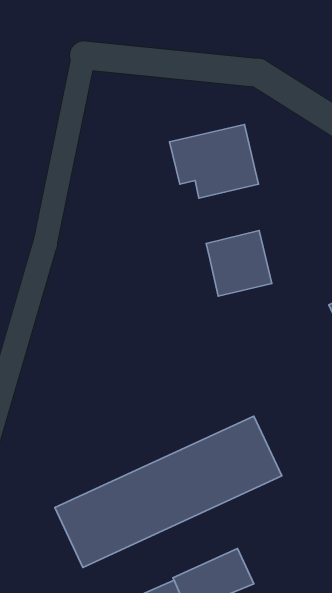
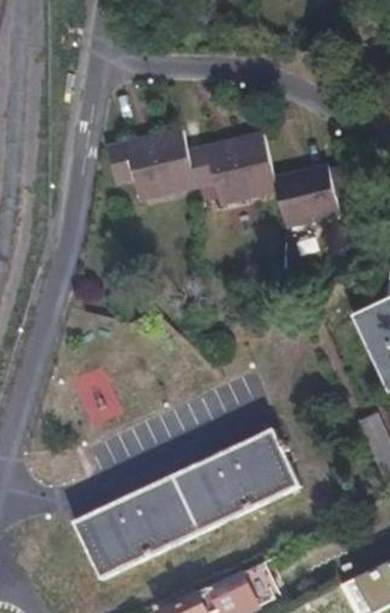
building: none -> [103,126,195,204]
building: [206,231,272,296] -> [272,162,339,229]

